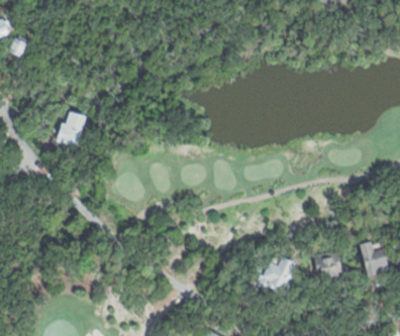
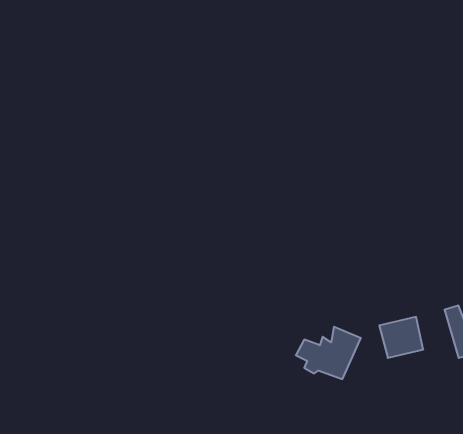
building: [54,109,87,152] -> none

